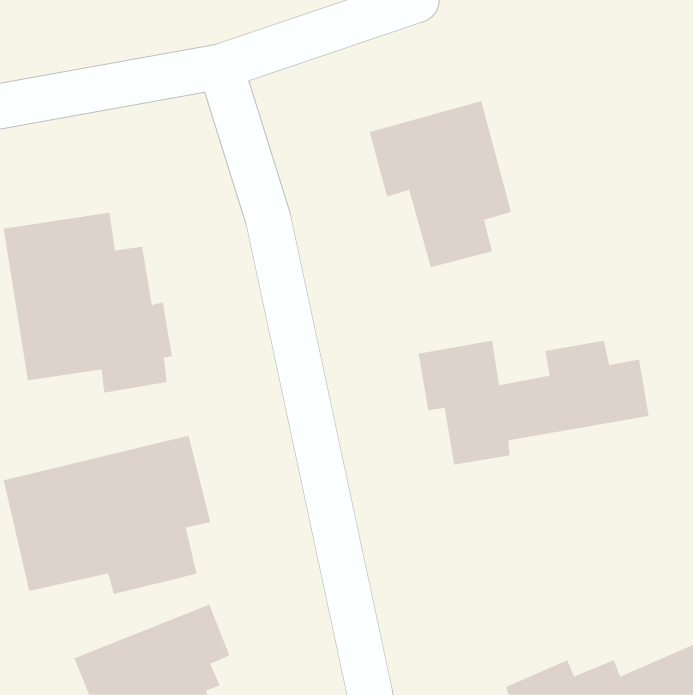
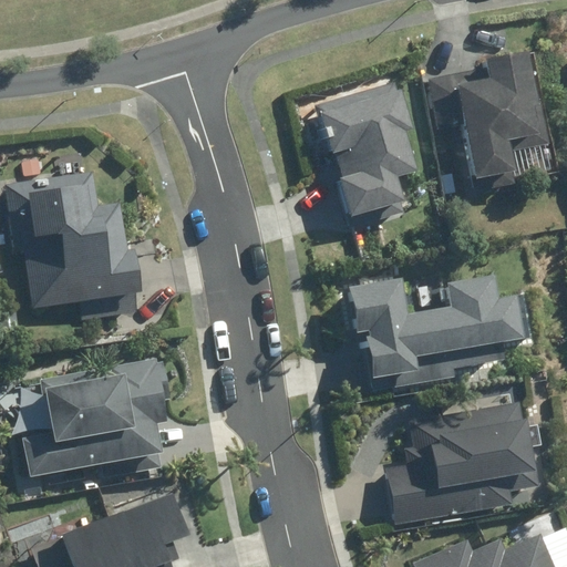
building: none -> [427,49,546,182]
building: none -> [385,401,536,527]

